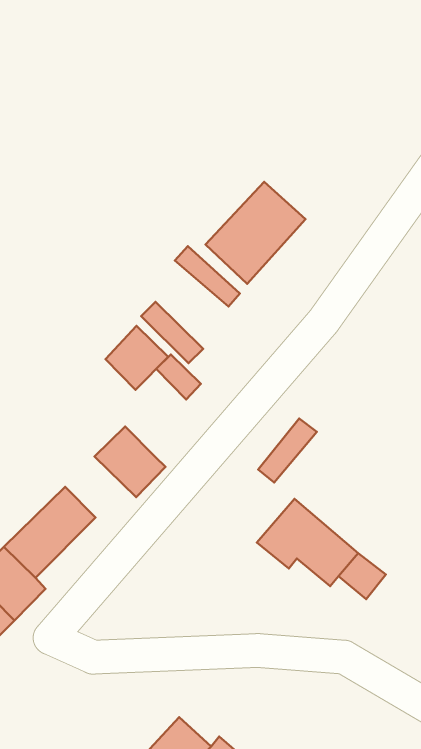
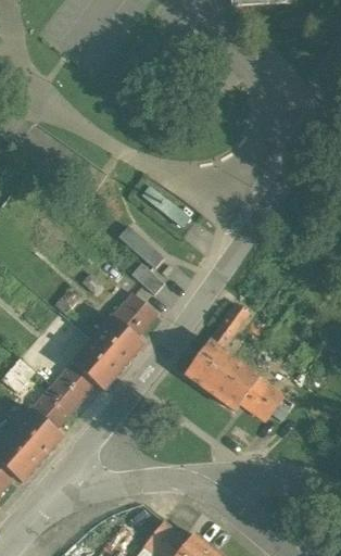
building: [205,182,306,284] -> none
building: [106,326,168,390] -> [113,292,157,338]
building: none -> [73,340,124,390]
building: none -> [185,342,237,394]

